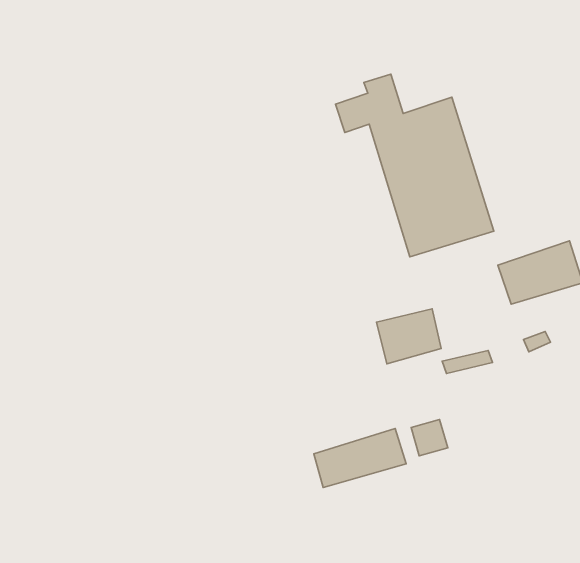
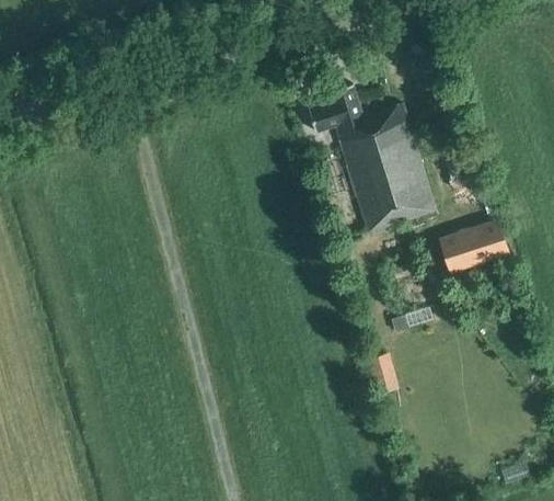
building: [376,309,441,364] -> none
building: [314,428,406,487] -> none

